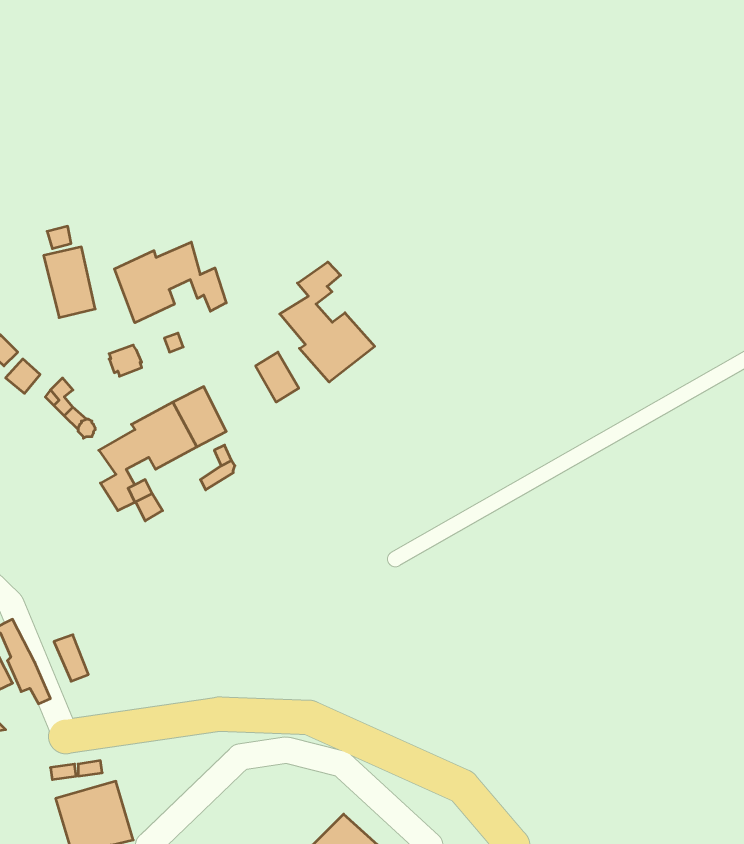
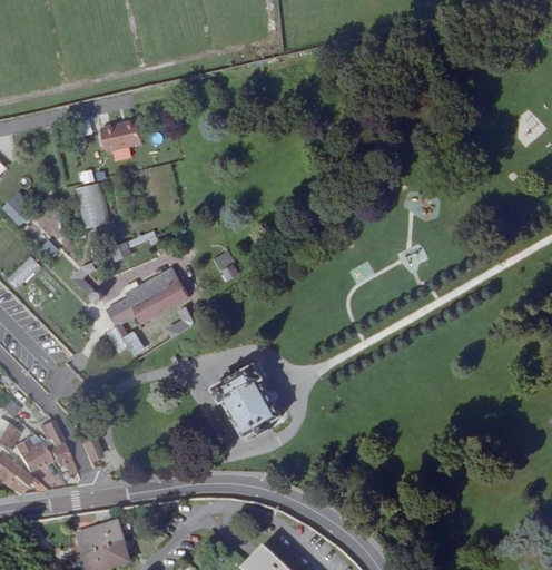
building: none -> [98,119,138,150]
building: [114,242,226,323] -> none
building: [280,262,375,382] -> none
building: none -> [214,362,282,435]

